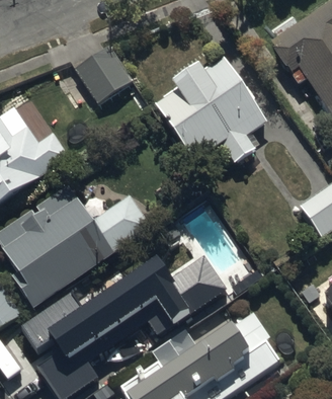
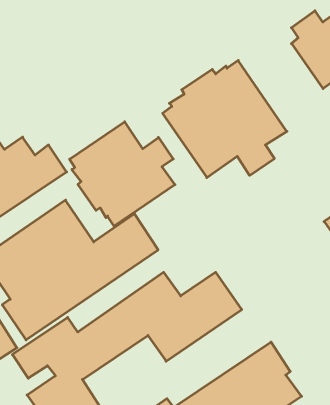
building: [75,46,131,102] -> none
building: none -> [70,122,175,226]

